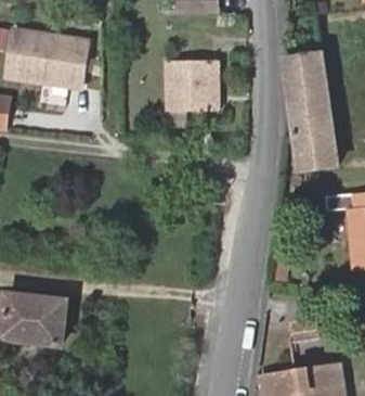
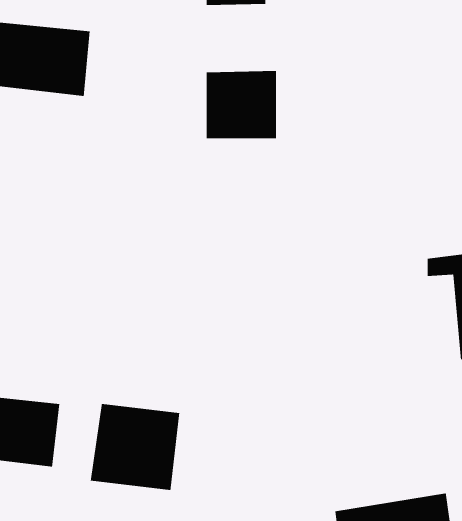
building: [282,51,342,173] -> none
building: none -> [90,403,180,491]

